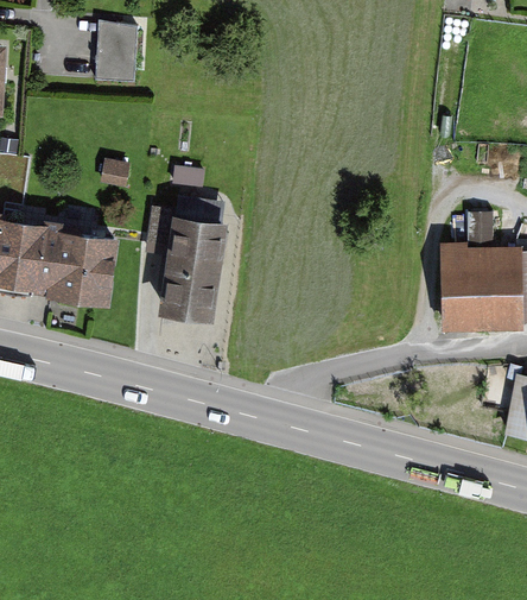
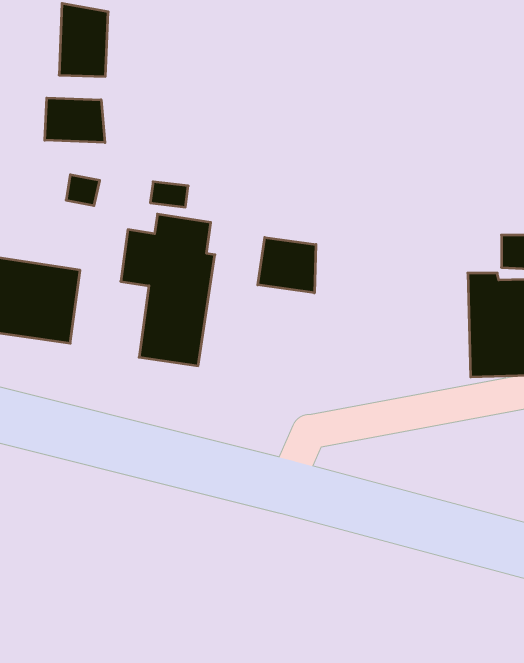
building: none -> [45,98,105,143]
building: none -> [258,237,316,293]

